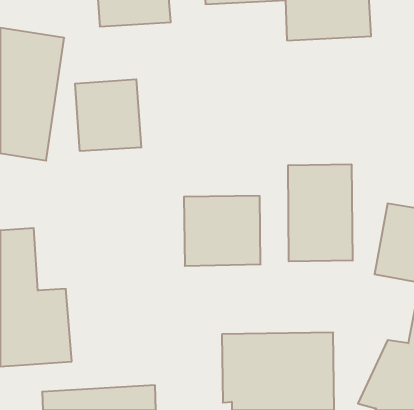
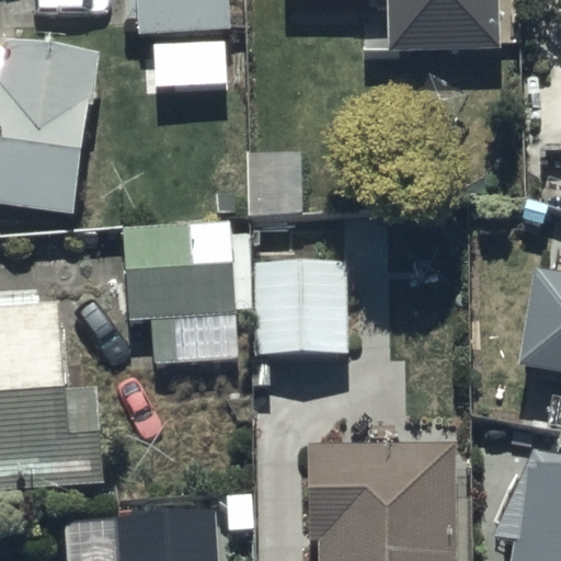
building: [75,79,141,151] -> none
building: none -> [121,218,237,365]
building: [288,164,353,261] -> none

